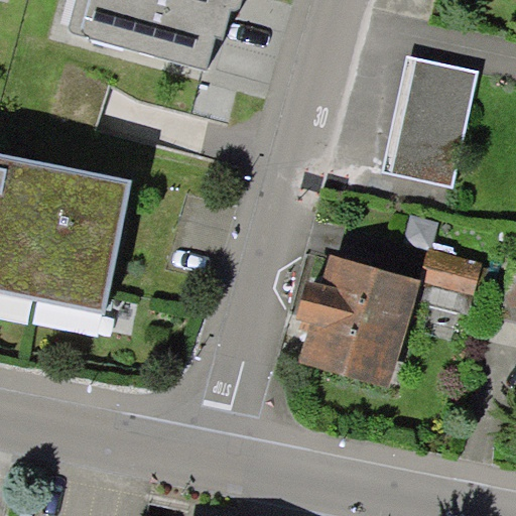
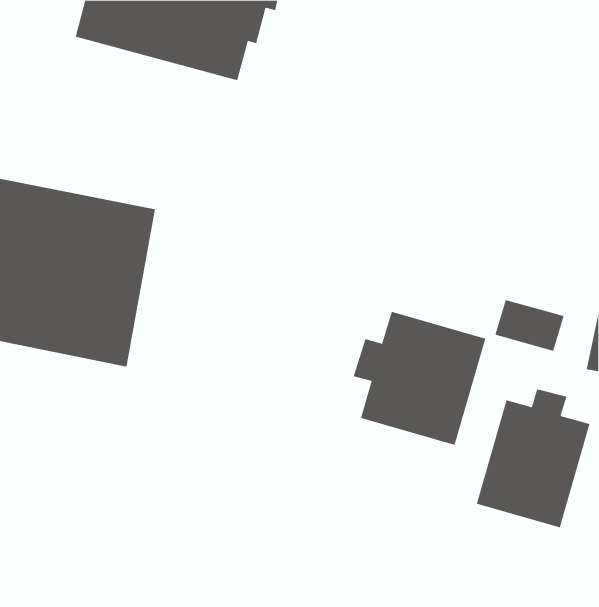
building: [383,56,472,185] -> none
building: none -> [476,388,590,528]

